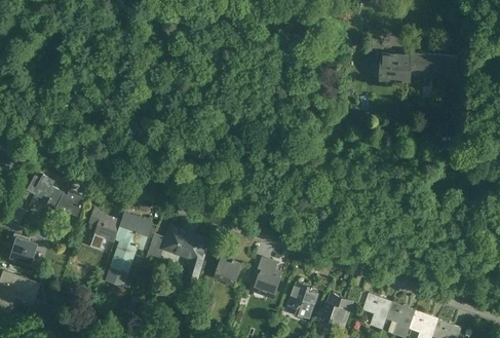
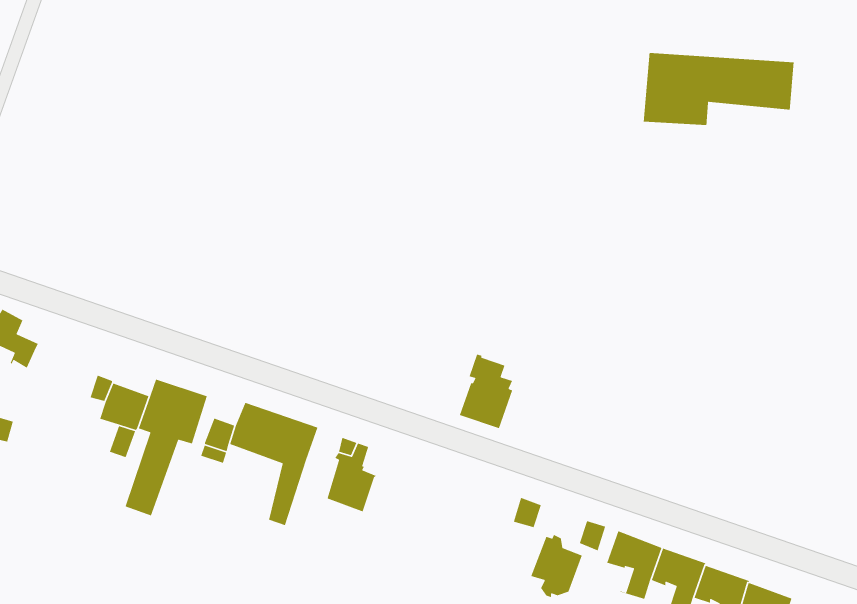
building: [55,192,84,216] -> none
building: [252,258,280,298] -> [459,353,513,429]
building: [287,284,317,318] -> none

